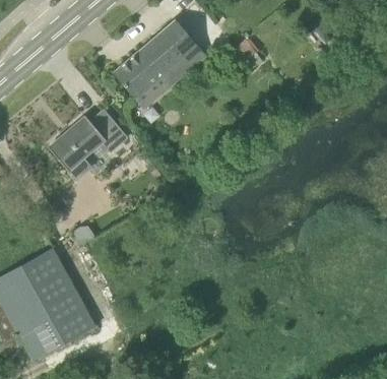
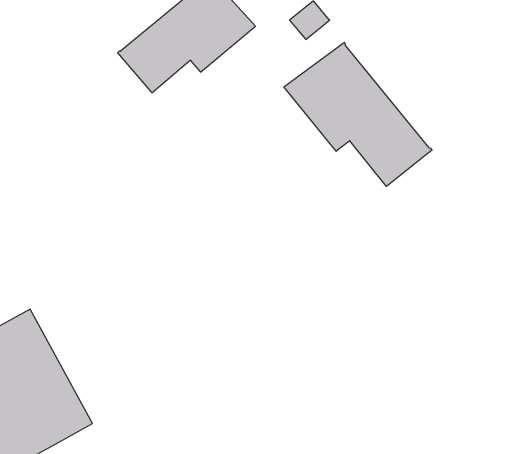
building: none -> [284,42,432,186]
building: [49,109,128,171] -> none

